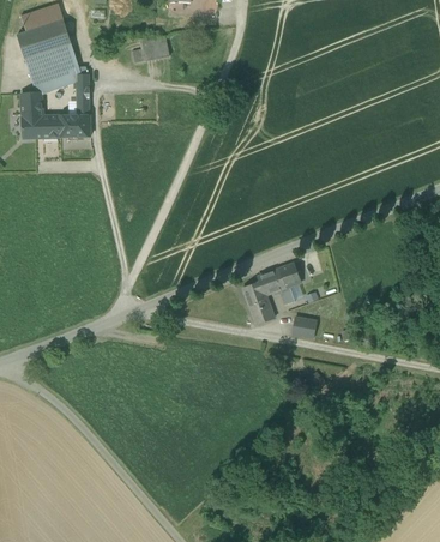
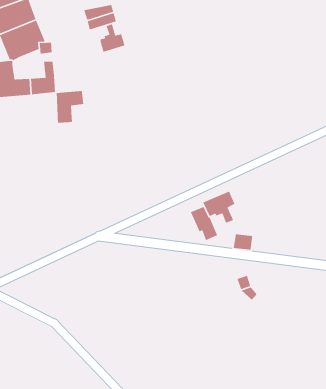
building: none -> [99,23,126,53]
building: none -> [56,90,84,123]

